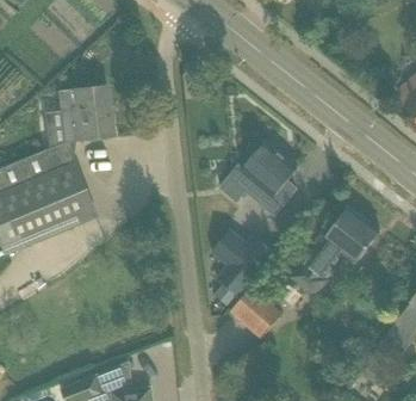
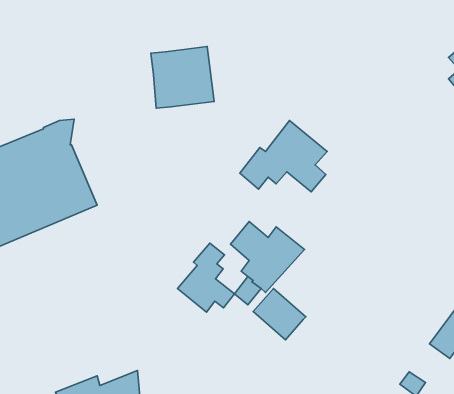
building: [56,86,112,141] -> [151,47,214,108]
building: [292,206,380,297] -> none
building: none -> [178,243,234,312]

